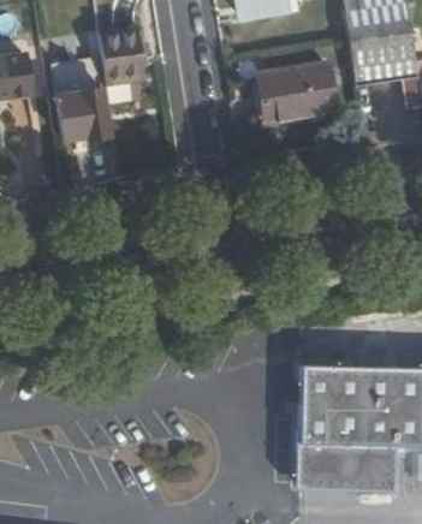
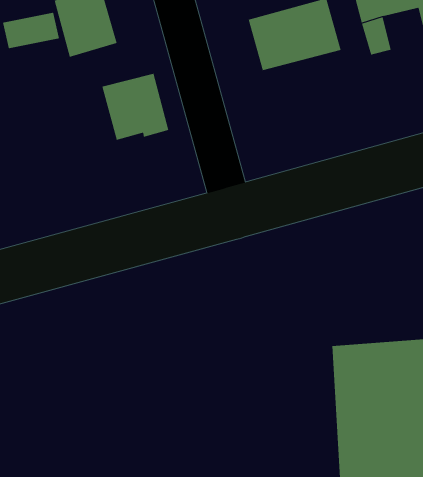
building: [57,94,109,147] -> [101,73,169,141]

